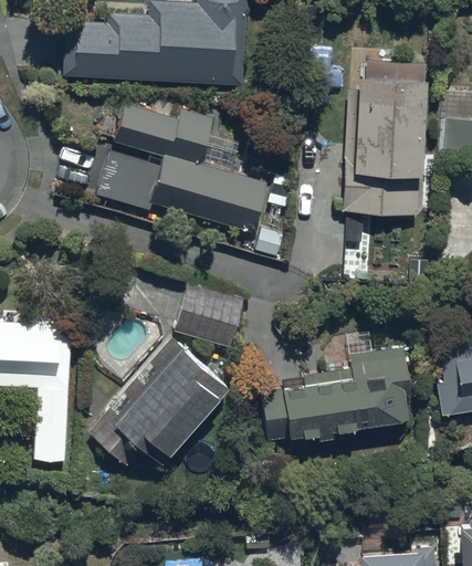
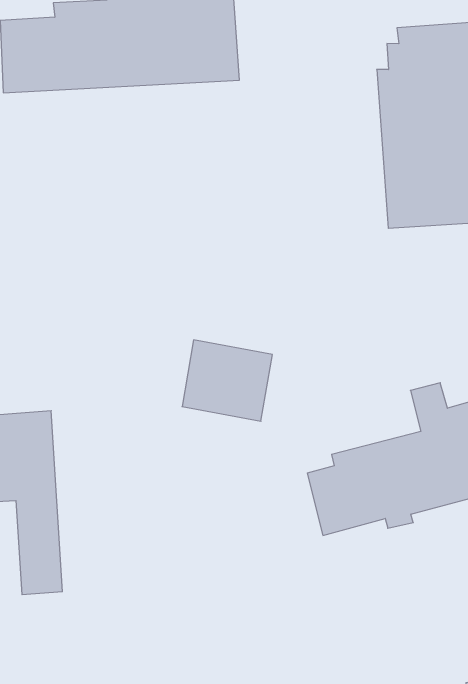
building: [97,105,268,232] -> none
building: [90,338,232,468] -> none

